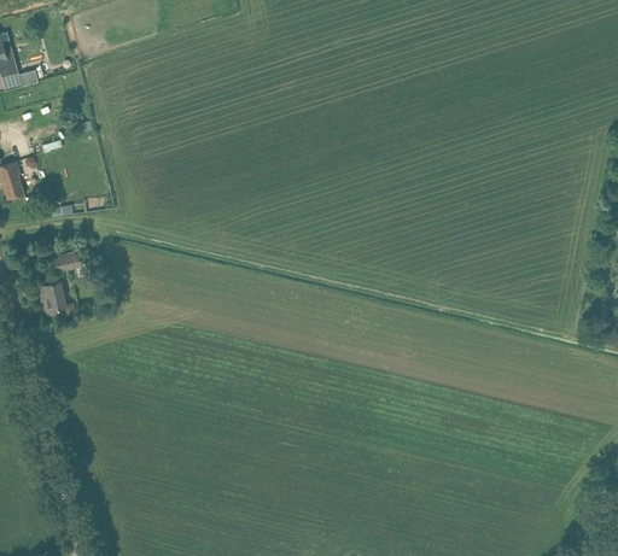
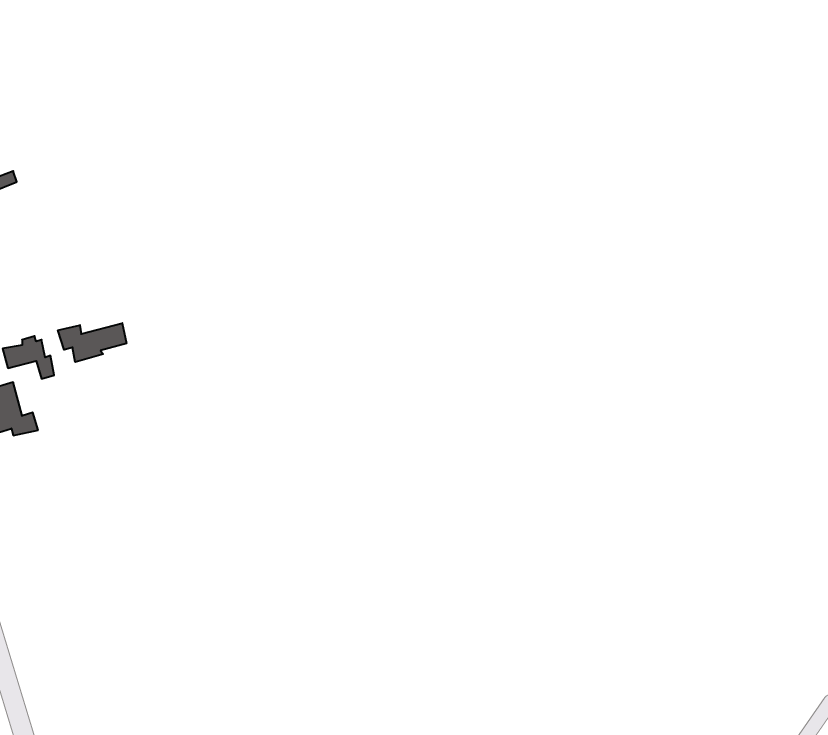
building: none -> [58,323,126,362]

